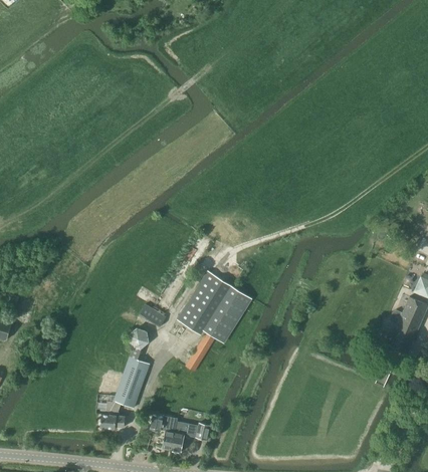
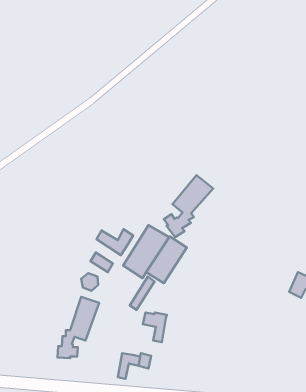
building: none -> [164,175,213,237]
building: none -> [96,229,133,255]
building: [150,416,178,451] -> [143,312,167,342]

